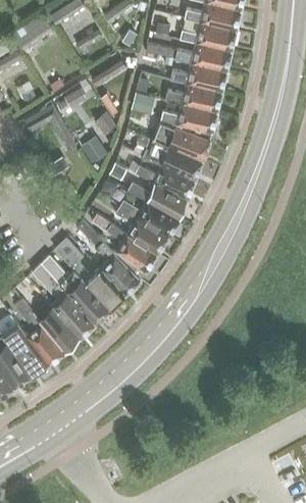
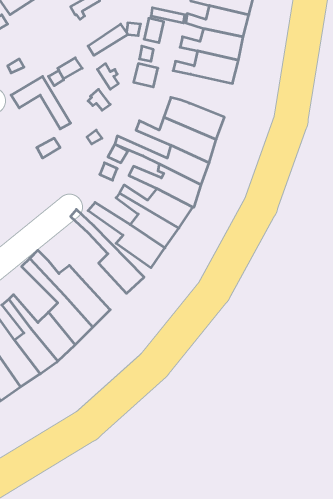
building: [161,103,217,132] -> none
building: [54,238,124,309] -> none

